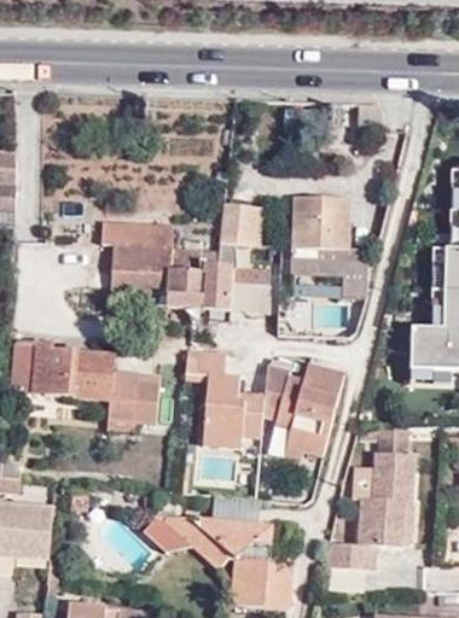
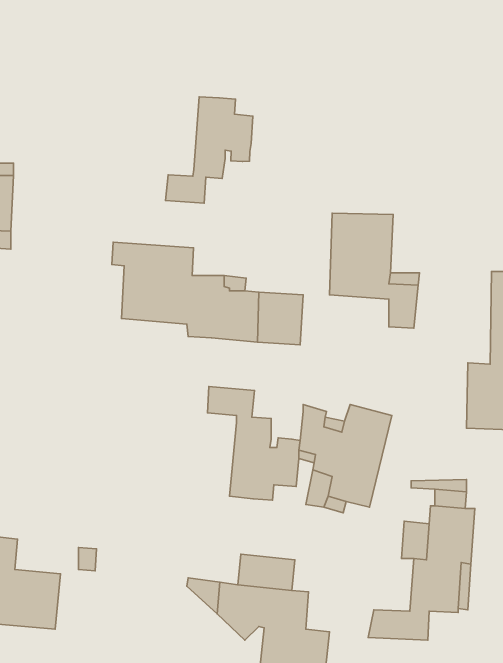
building: none -> [166,97,253,203]
building: [220,203,261,245] -> none
building: [10,339,162,427] -> none

